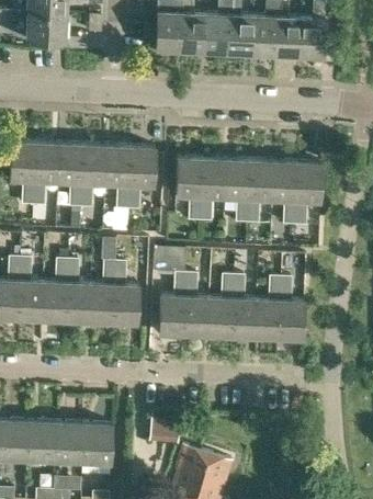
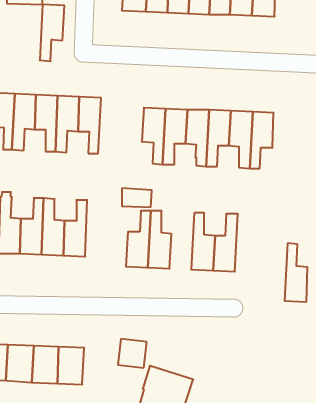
building: [126,147,154,209] -> [40,5,64,61]
building: [112,260,137,324] -> none
building: [205,273,233,337] -> none
building: [278,275,303,340] -> [285,243,307,302]

